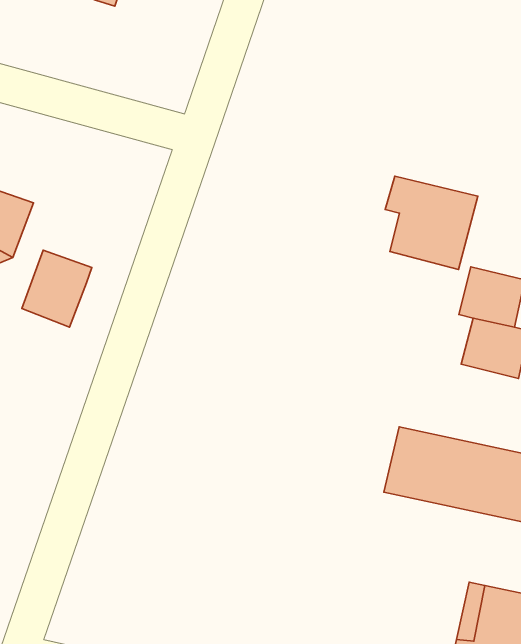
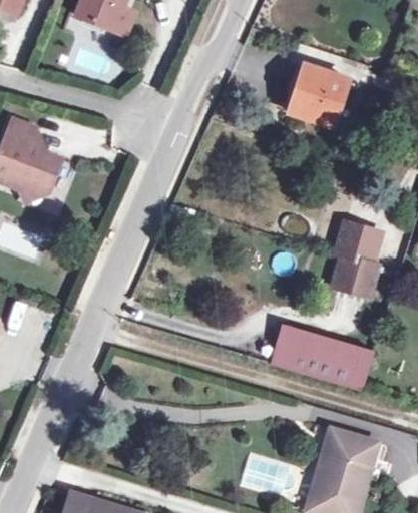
building: [385,176,478,269] -> [289,64,349,127]
building: [22,250,92,327] -> none

